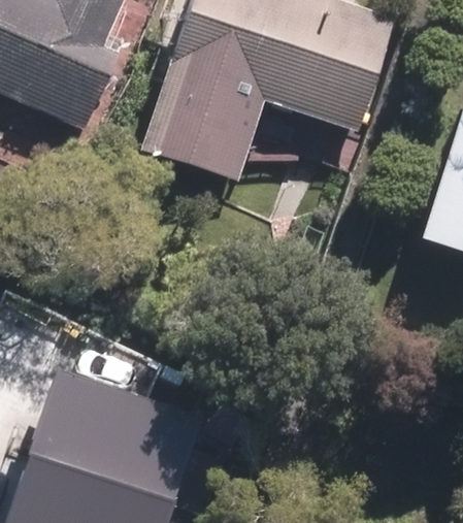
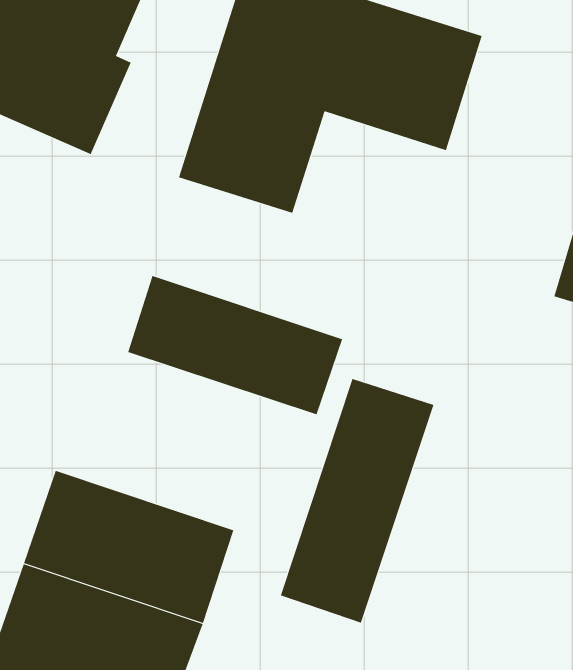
building: none -> [128,275,343,415]
building: none -> [280,378,434,623]

